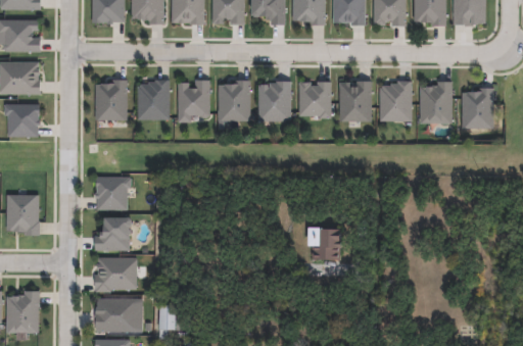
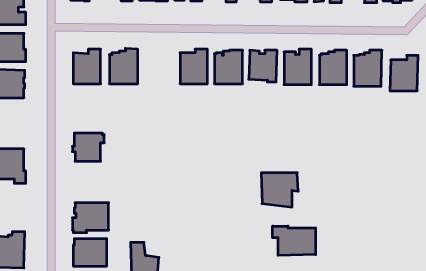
building: [178,80,209,121] -> none
building: [95,216,130,250] -> none
building: none -> [273,226,316,255]

